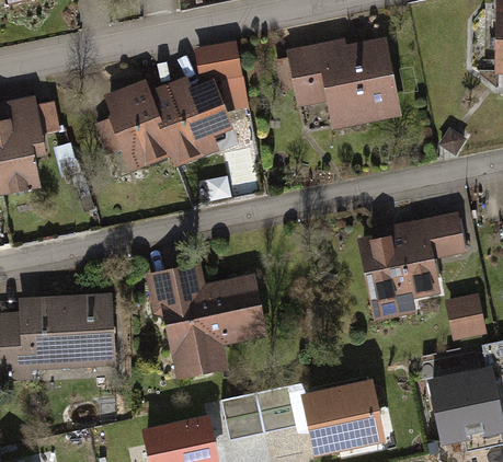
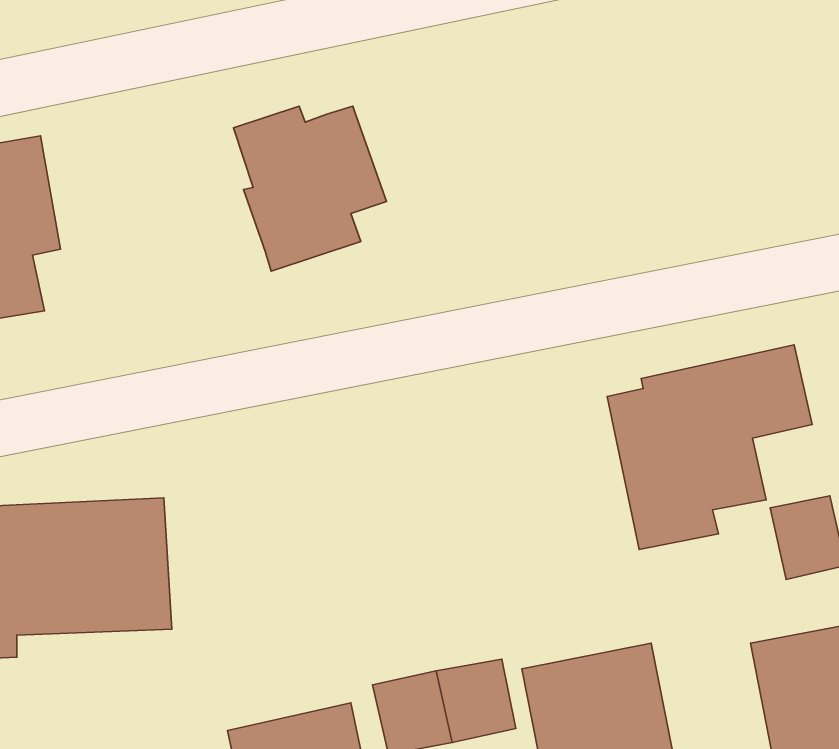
building: [274,38,400,129] -> none
building: [194,42,242,83] -> none
building: [101,80,167,172] -> none
building: [145,264,267,380] -> none

